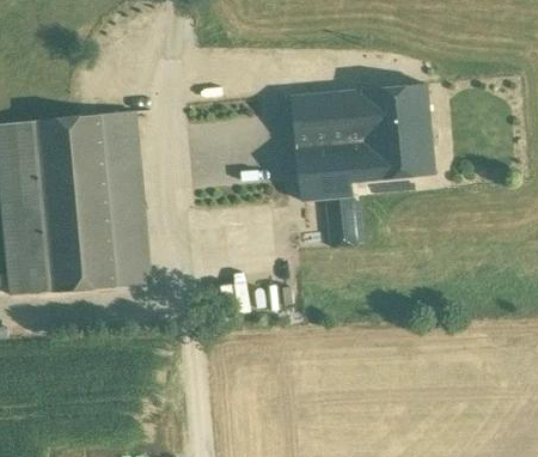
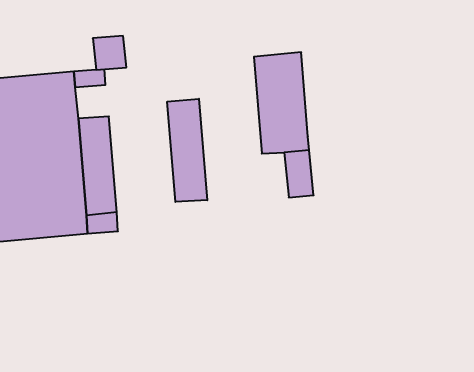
building: [343,86,434,183] -> none
building: [103,128,139,164] -> [93,36,126,70]
building: none -> [167,99,207,202]

